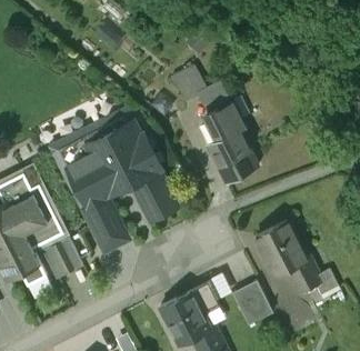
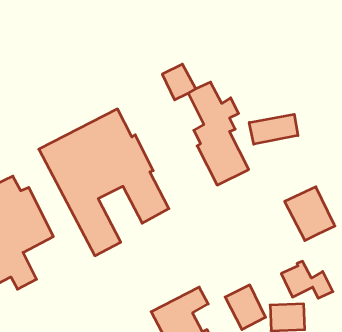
building: none -> [249,114,298,144]
building: [256,225,306,279] -> [285,187,335,241]
building: [42,240,82,280] -> none

